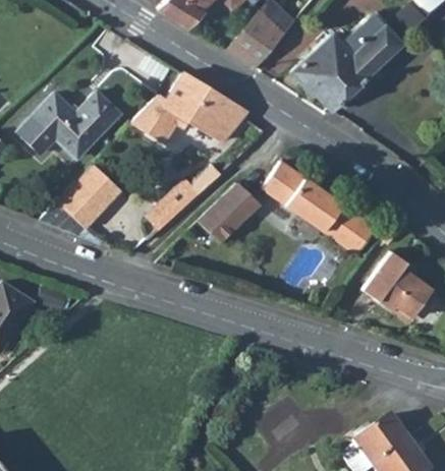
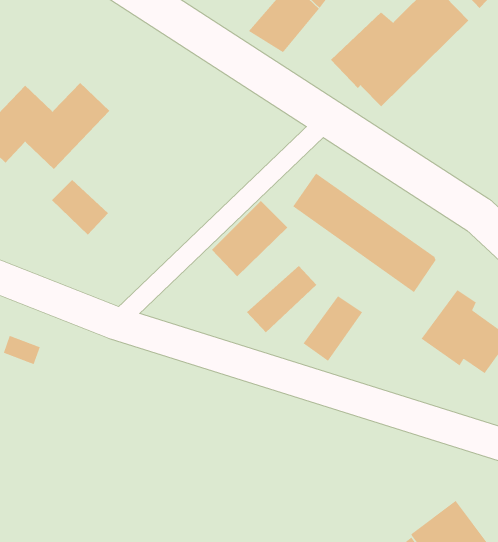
building: [132,70,247,141] -> none
building: [146,176,201,229] -> [246,265,317,333]
building: [57,181,104,228] -> none
building: none -> [303,295,363,362]

